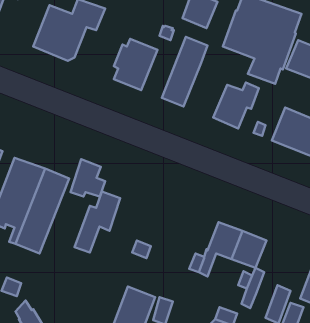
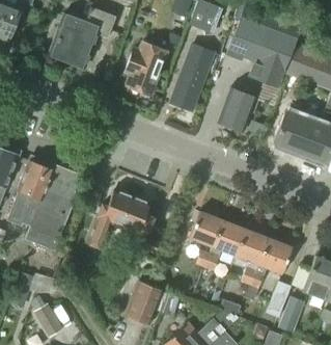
building: [70,159,105,196] -> [119,196,153,232]
building: none -> [189,210,223,246]
building: none -> [258,237,293,272]

